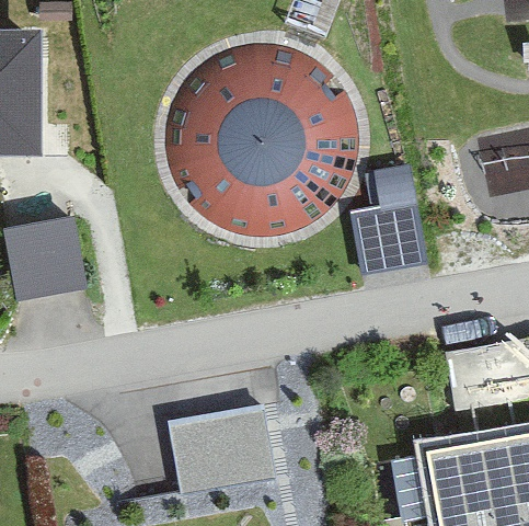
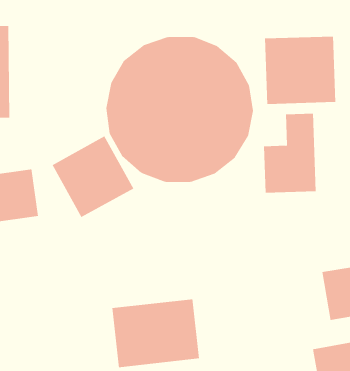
building: none -> [265,36,336,105]
building: none -> [52,136,134,218]

